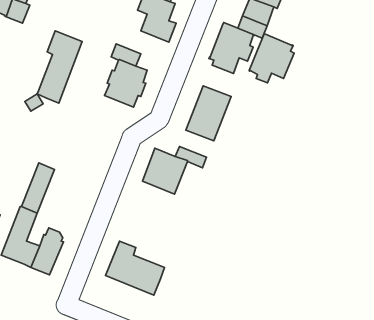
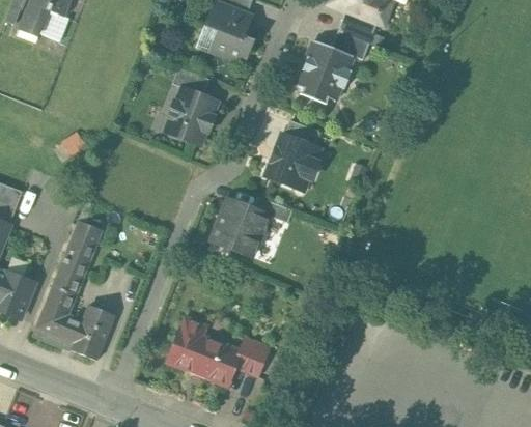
building: [37,31,82,103] -> none
building: [249,34,294,83] -> none
building: none -> [234,340,264,373]

